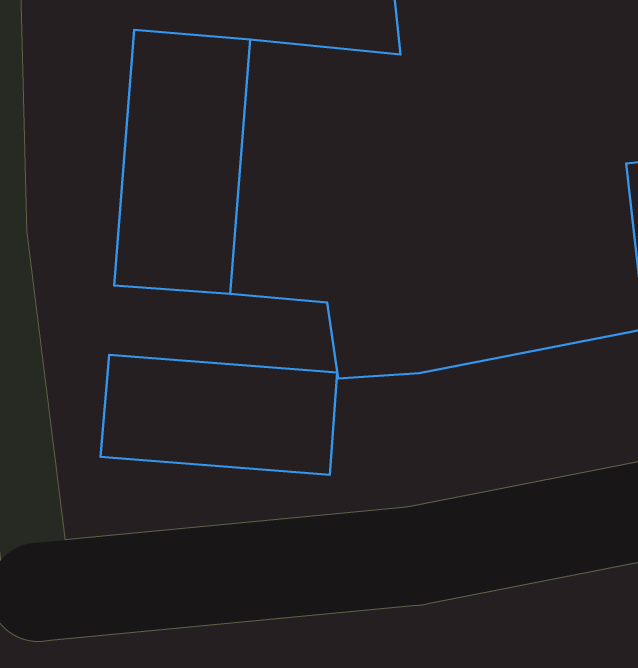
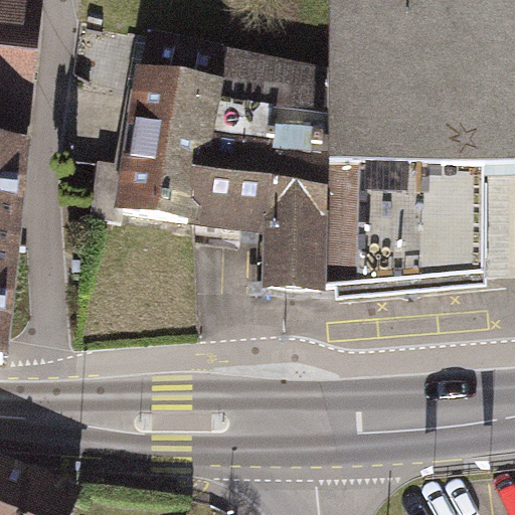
building: [101,355,337,475] -> none

